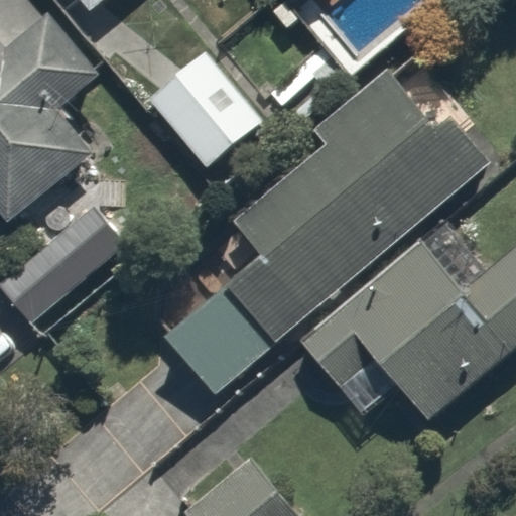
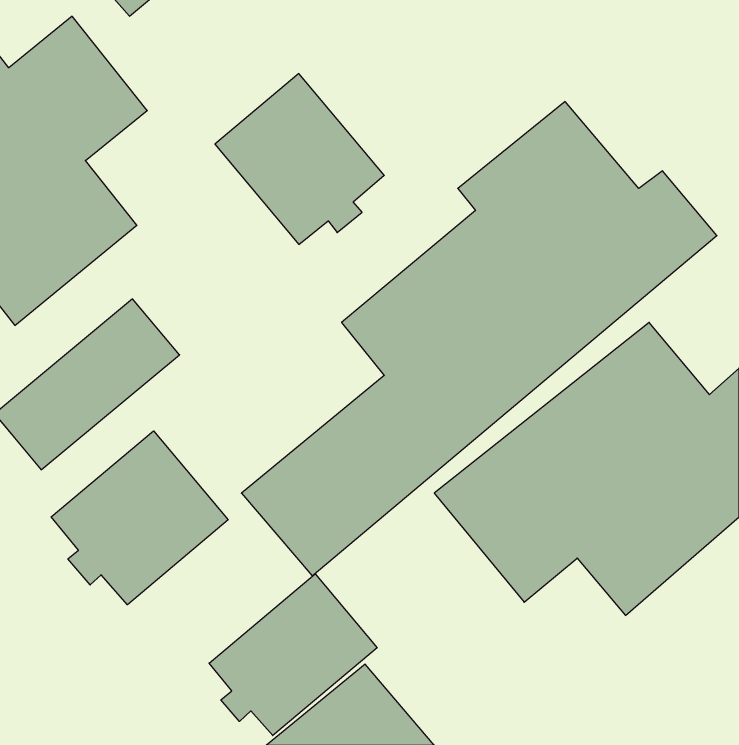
building: none -> [51,431,228,605]
building: none -> [209,574,377,736]

